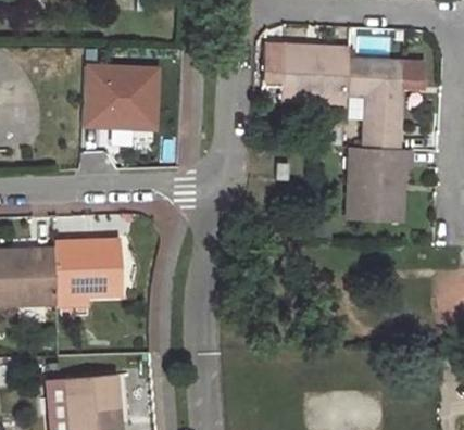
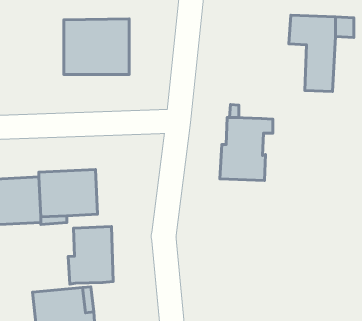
building: [263,46,349,100] -> none
building: [349,147,411,220] -> [220,117,273,181]
building: none -> [68,226,113,284]

